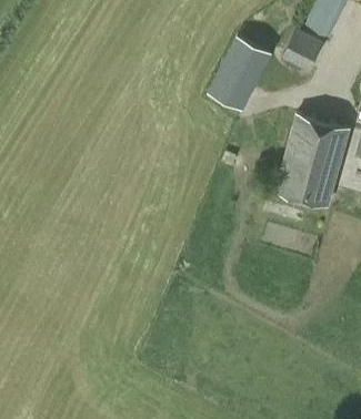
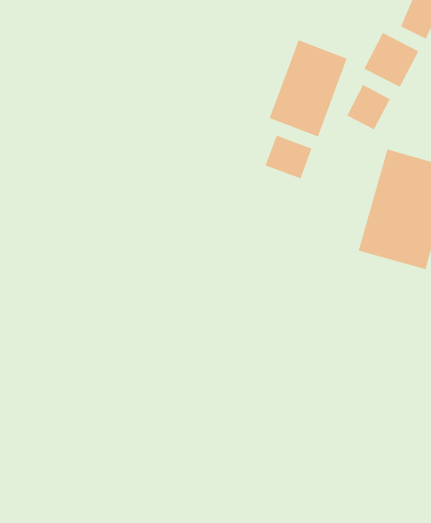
building: none -> [347,84,391,130]
building: none -> [265,135,312,179]

